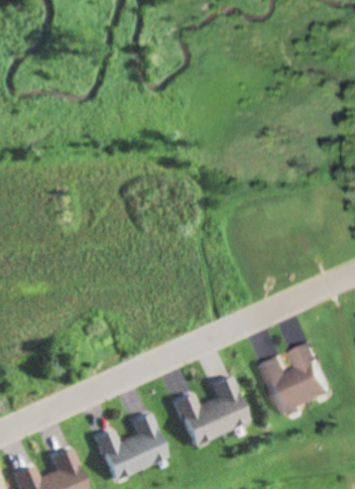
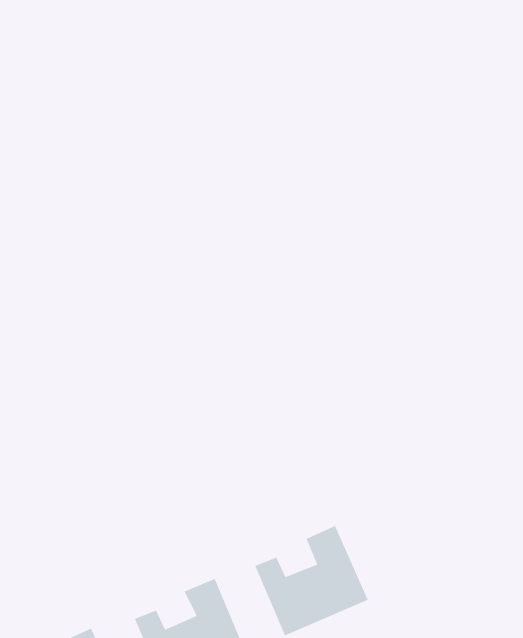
building: [255,341,331,415] -> none

